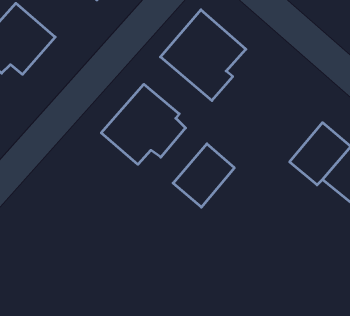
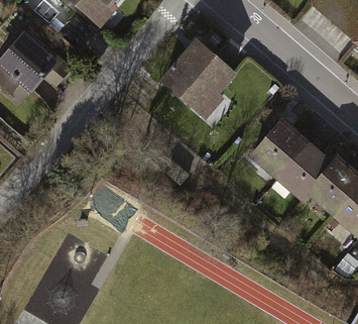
building: [101,84,186,164] -> none
building: [173,144,234,207] -> [252,119,309,178]

